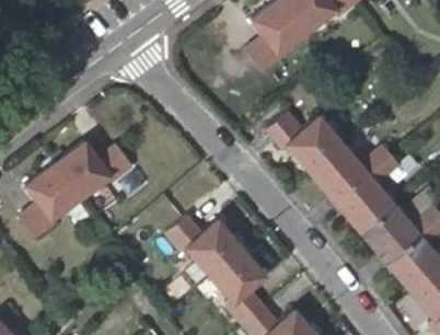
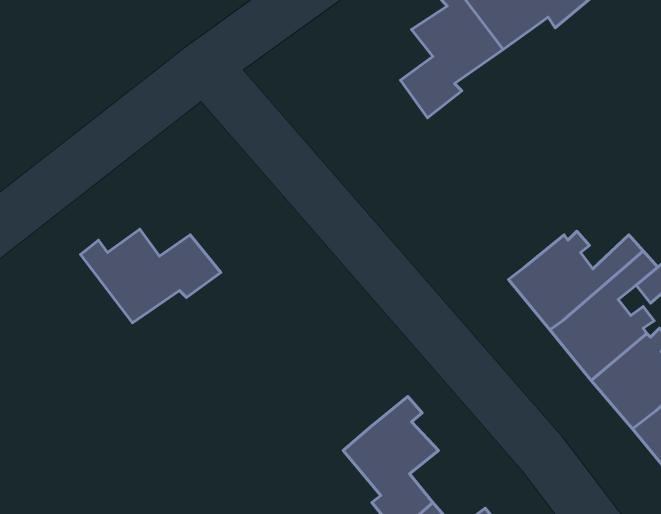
building: [265,111,348,172] -> none
building: [19,157,81,240] -> none
building: [164,215,248,276] -> none

